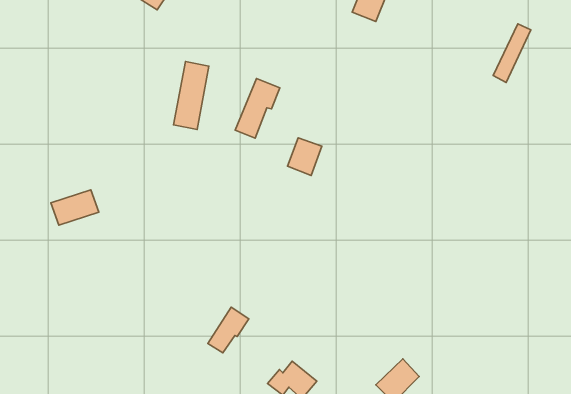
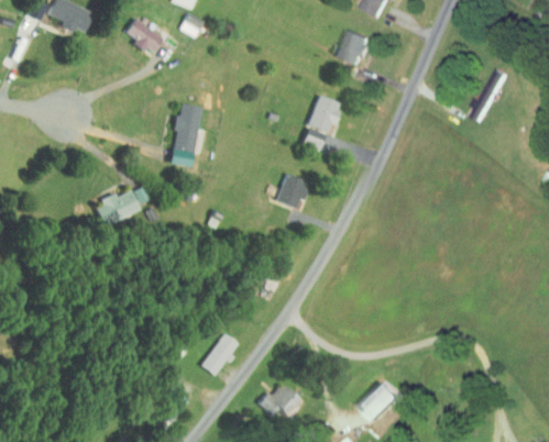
building: [235,78,280,138] -> [299,95,341,151]
building: [51,190,99,225] -> [94,190,139,223]

